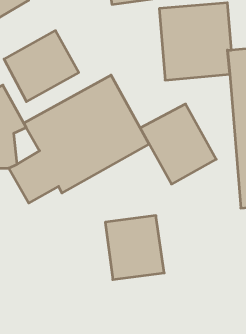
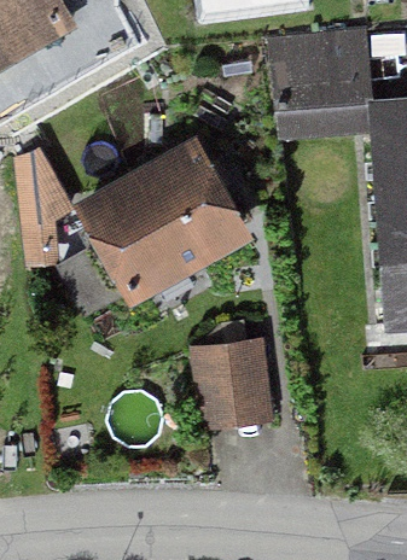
building: [4,31,79,102] -> none
building: [140,104,216,184] -> none

